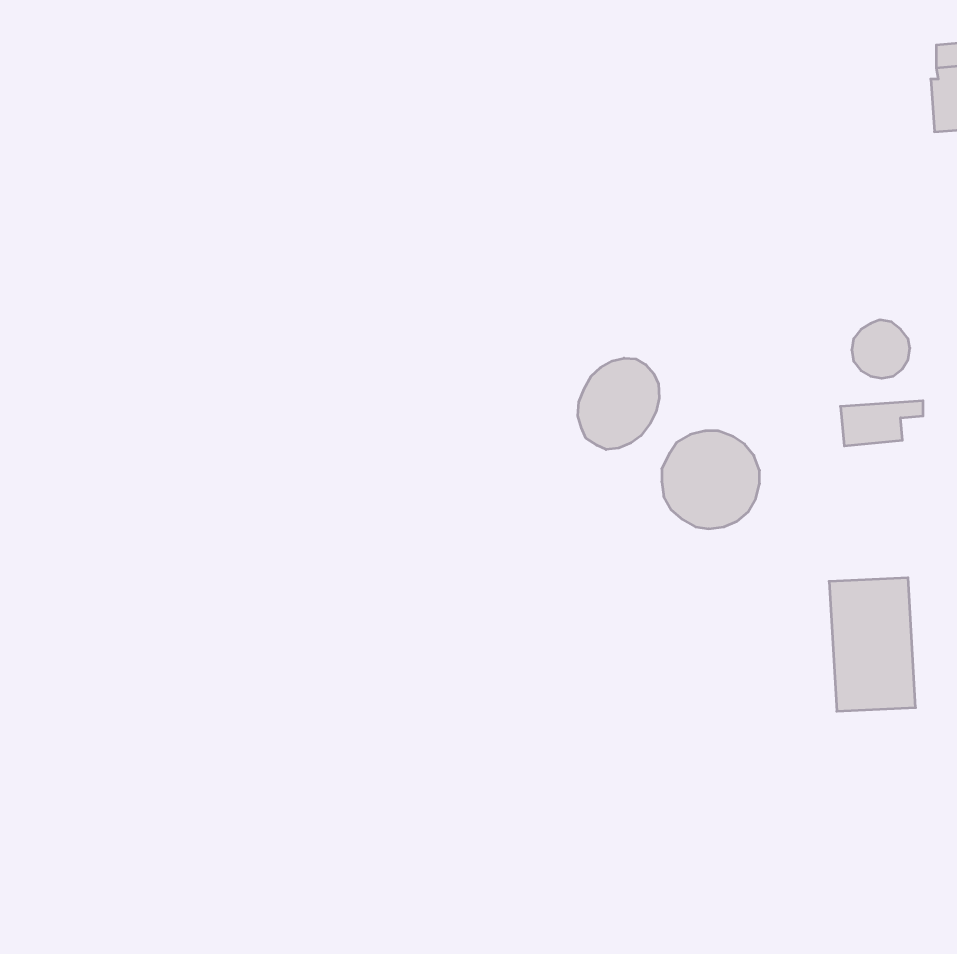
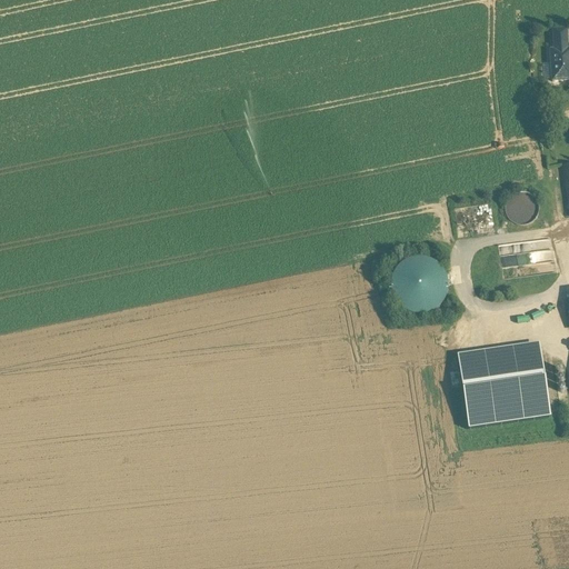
building: [578,358,659,450] -> none
building: none -> [456,348,496,426]

